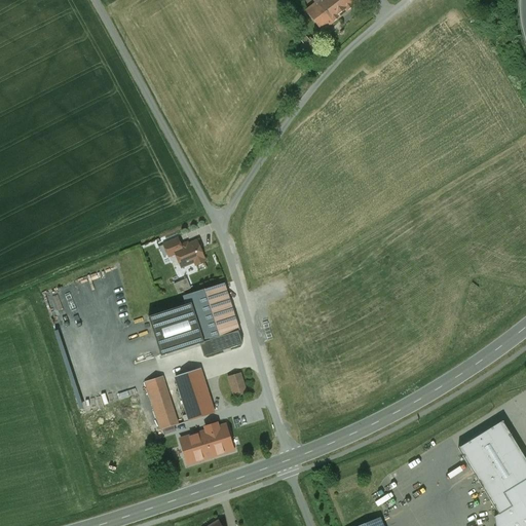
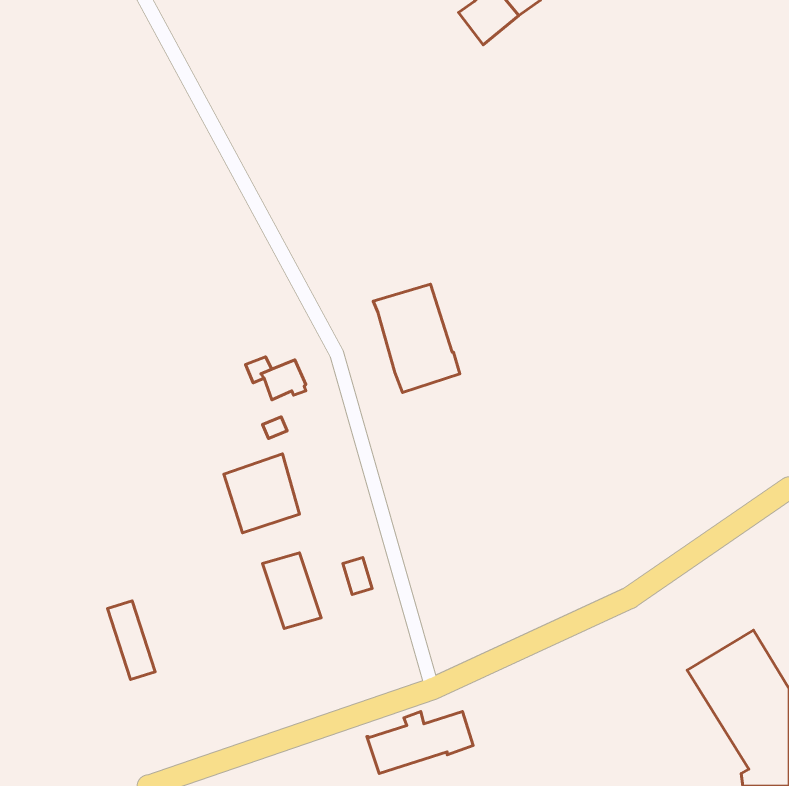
building: [185,284,242,355] -> [373,284,460,392]
building: [145,375,177,427] -> [107,601,155,679]
building: [180,420,251,461] -> [367,712,473,773]

